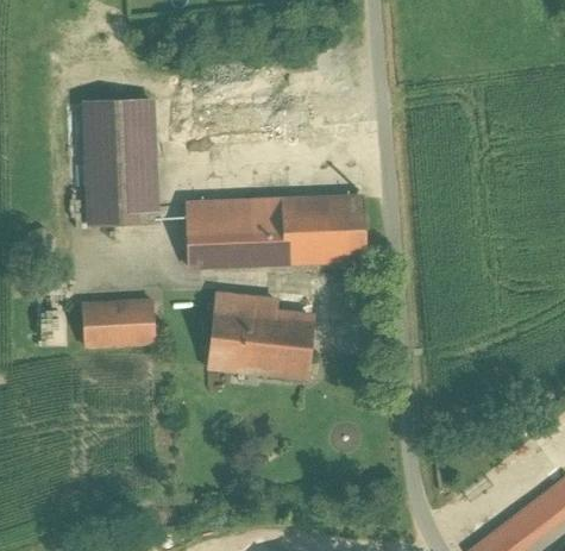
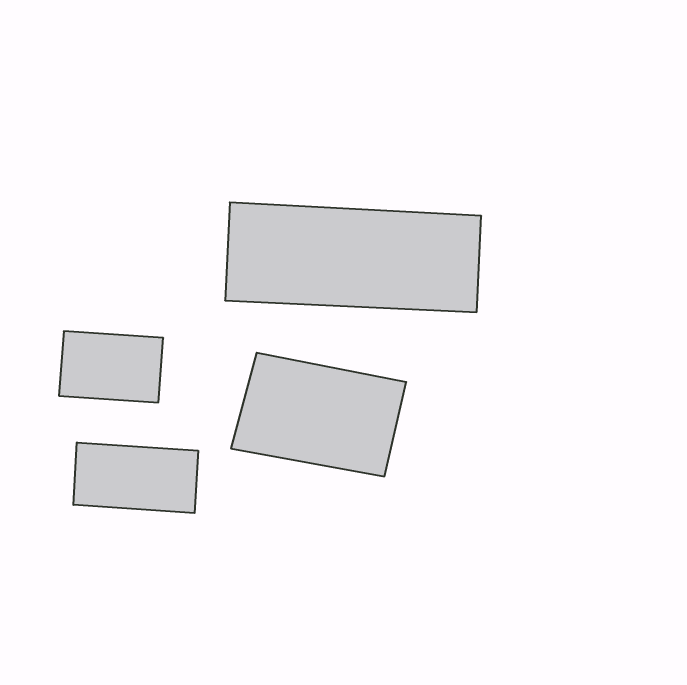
building: [81,101,153,224] -> none
building: none -> [73,442,198,513]

